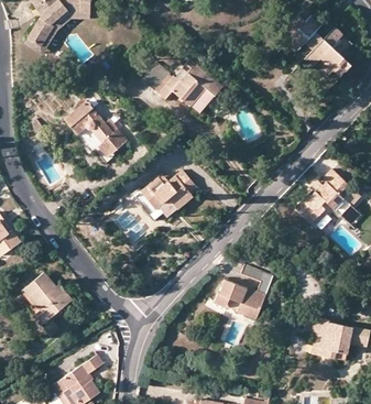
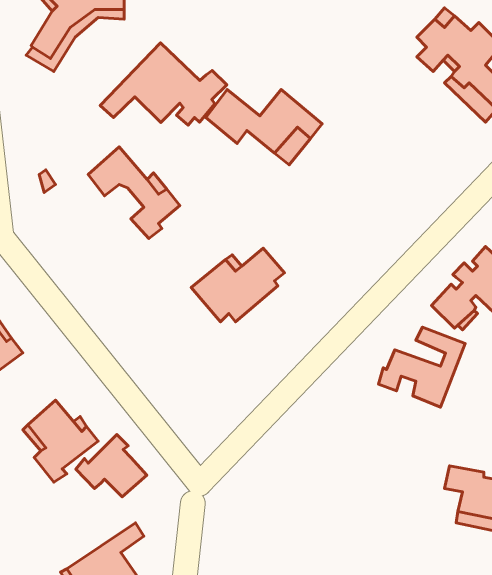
building: none -> [100,43,227,125]
building: [215,266,273,320] -> [378,327,465,407]
building: none -> [76,434,147,497]

